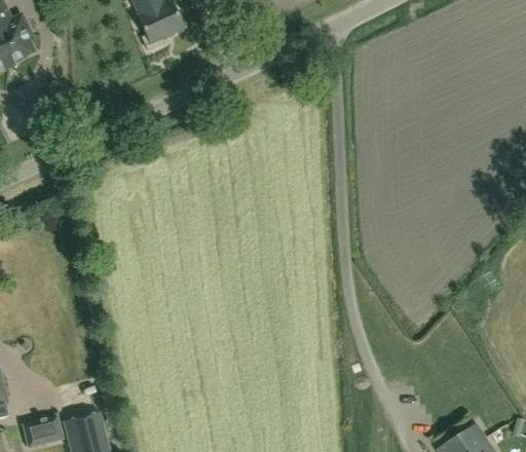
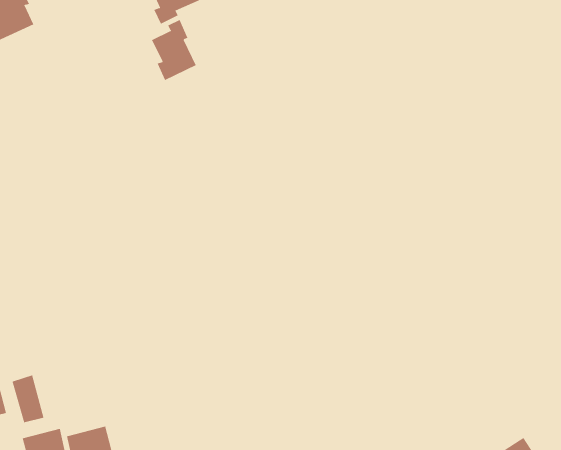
building: none -> [151,19,196,81]
building: none -> [12,374,44,423]

